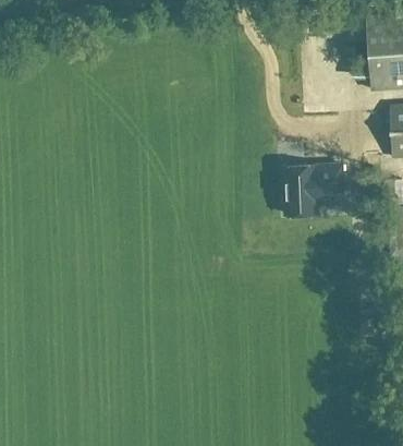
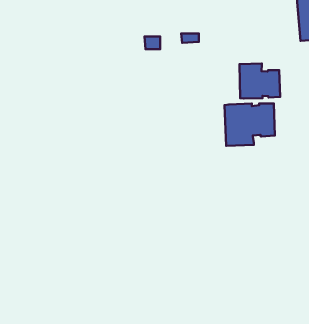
building: none -> [239,64,280,99]

